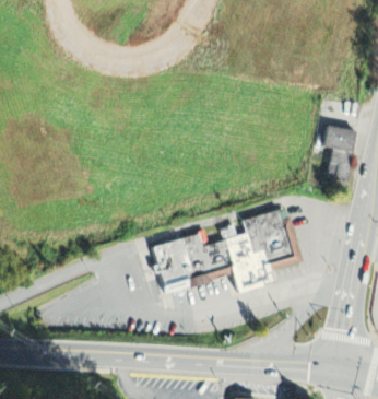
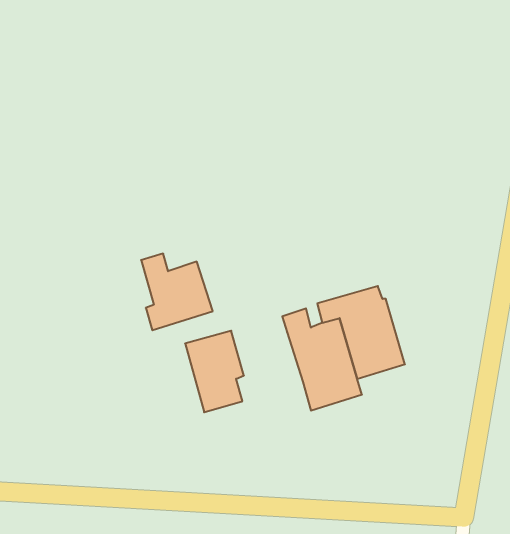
building: [323,125,357,179] -> none
building: [184,234,233,286] -> [141,254,213,330]

